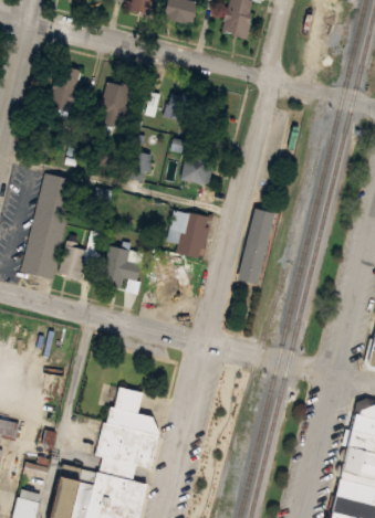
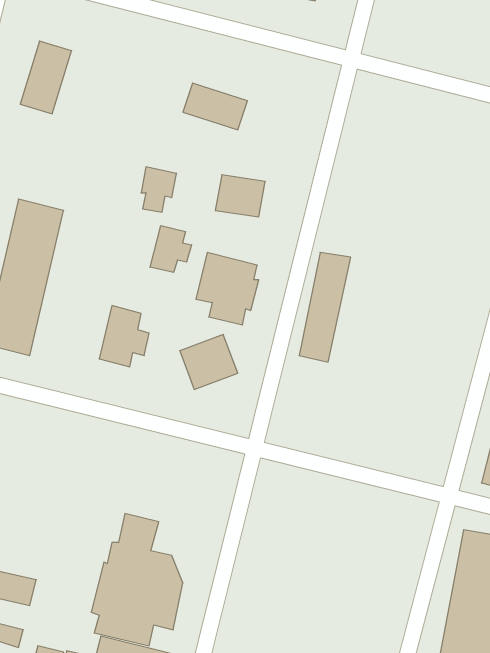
building: [98,82,131,126] -> none
building: none -> [150,226,192,272]
building: [59,245,86,278] -> none

